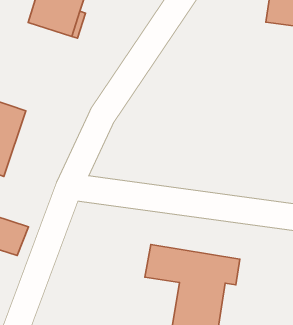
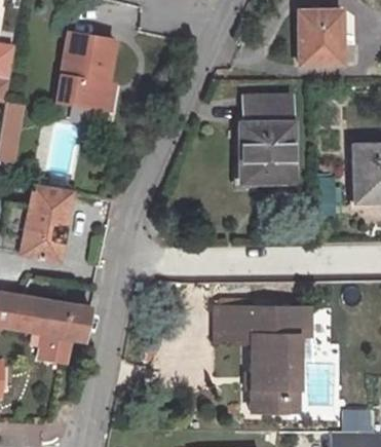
building: none -> [240,96,292,181]

